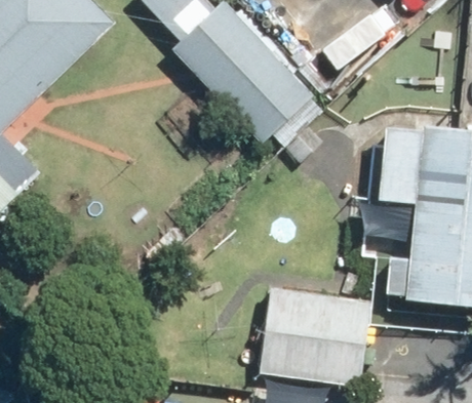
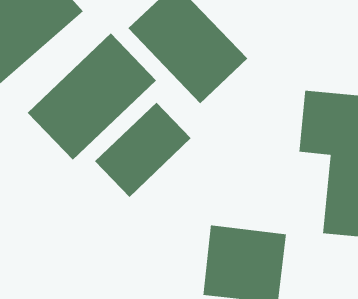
building: none -> [27,33,157,161]
building: none -> [94,102,192,198]

